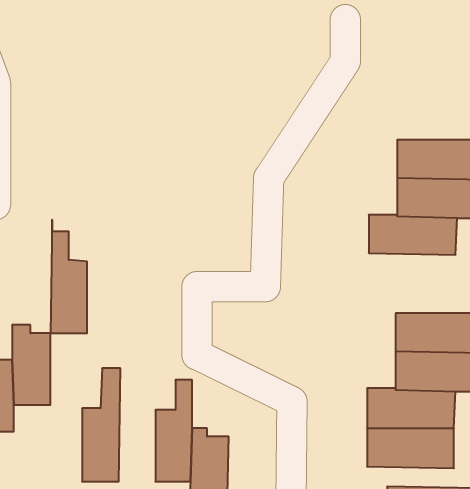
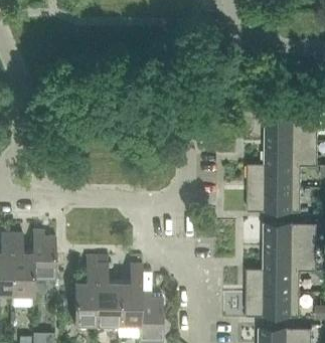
building: [50,220,87,333] -> [97,258,119,326]
building: none -> [248,188,300,212]

